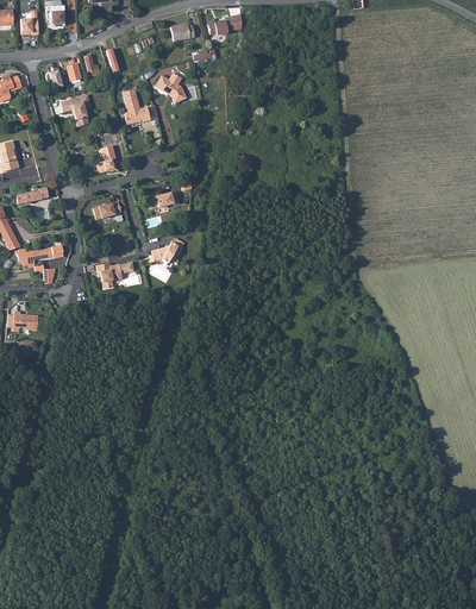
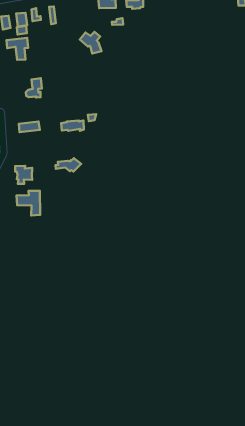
building: [124,94,156,124] -> none
building: none -> [16,191,40,215]

